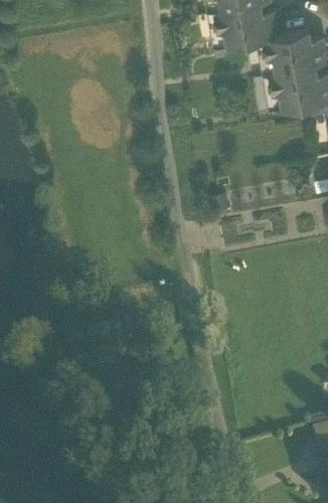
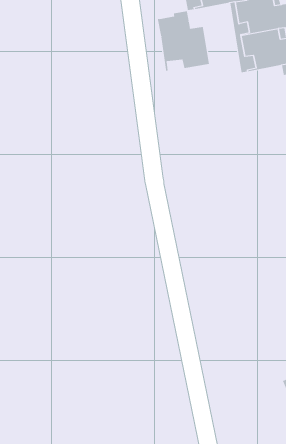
building: none -> [157,10,209,72]

